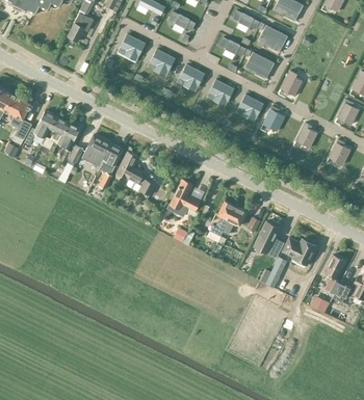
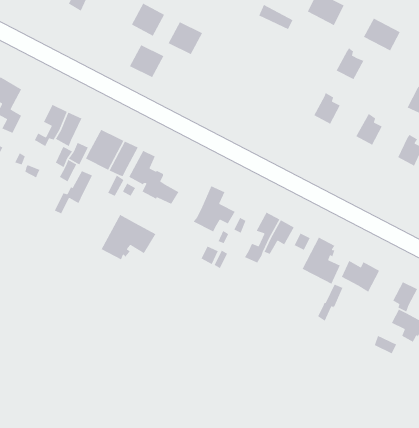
building: [243,52,274,79] -> [363,17,401,52]
building: [176,64,204,91] -> [129,44,164,78]
building: [206,79,234,107] -> none
building: [235,95,263,122] -> none
building: [24,110,55,145] -> [54,170,93,215]
building: none -> [101,214,156,260]

